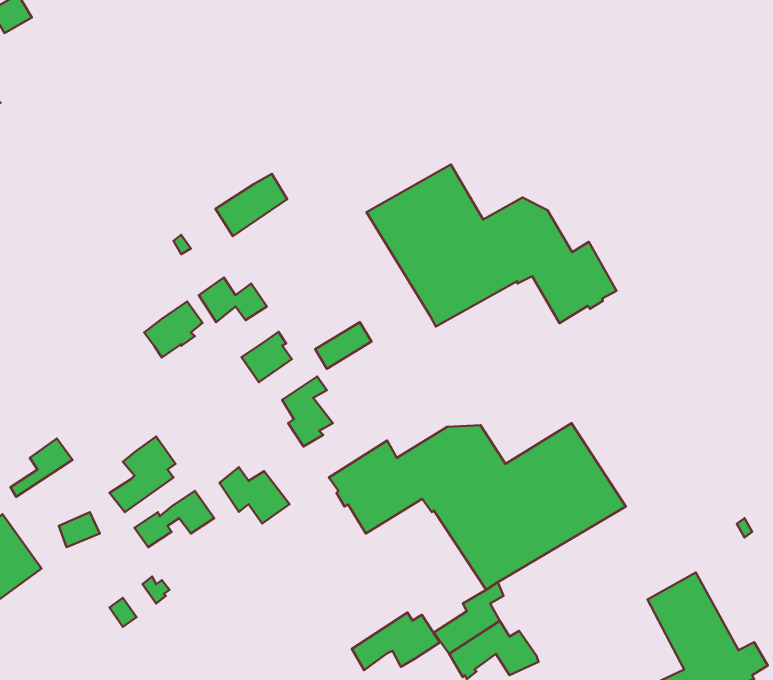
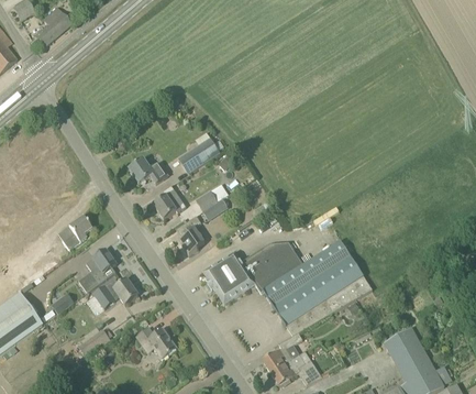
building: none -> [34,10,71,47]
building: [366,165,617,327] -> none
building: [215,174,287,236] -> [179,138,220,173]
building: [144,301,203,358] -> [58,216,91,248]
building: [219,467,289,524] -> [137,327,177,359]
building: [352,612,440,670] -> none

